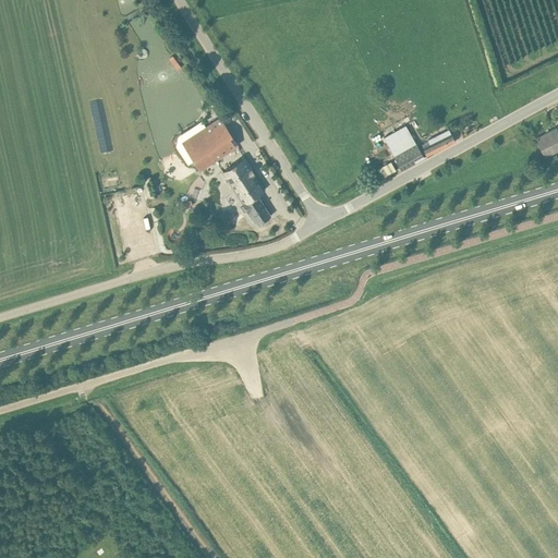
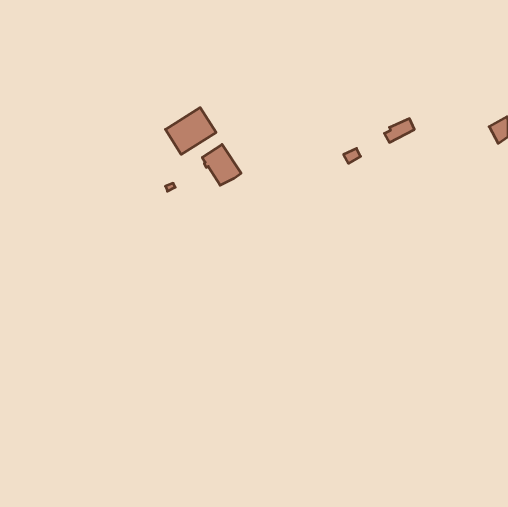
building: [383,128,423,172] -> none
building: [240,197,269,227] -> none

